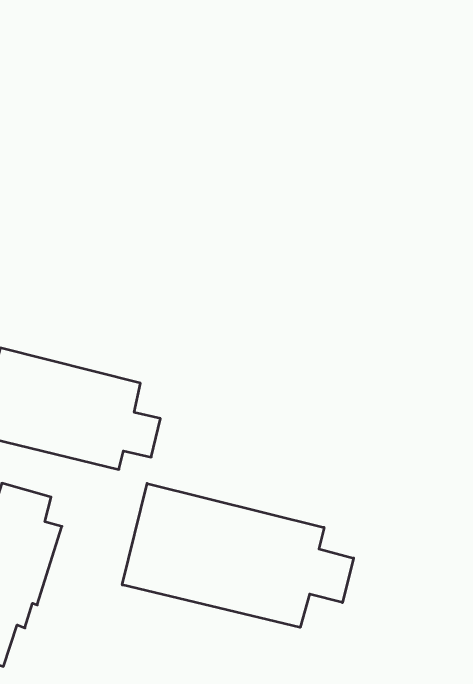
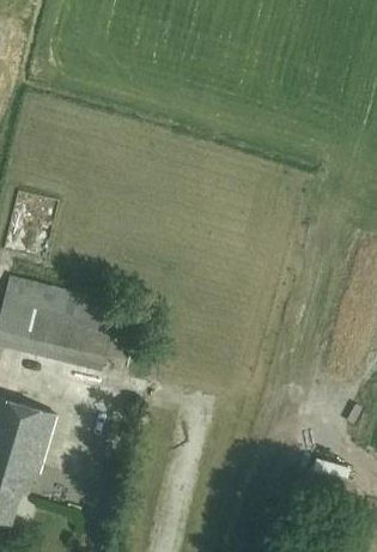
building: [122,483,354,627] -> none

